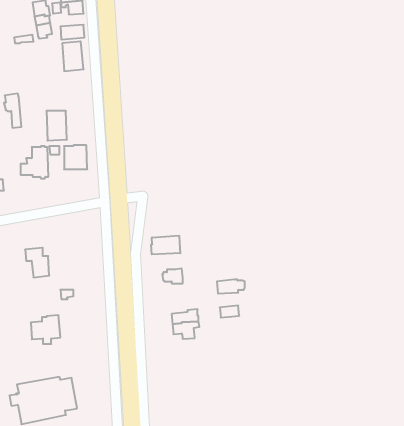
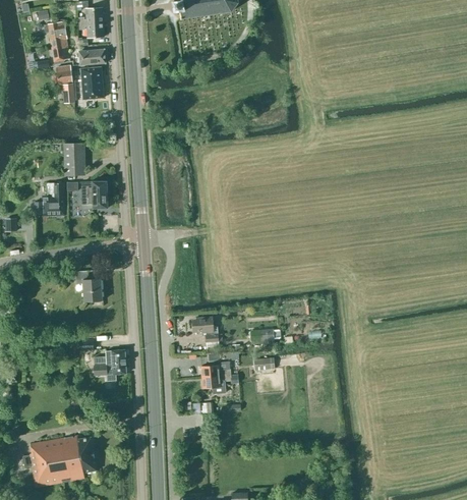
building: [4,94,21,128] -> [55,65,74,103]
building: [151,236,180,254] -> none
building: [25,248,49,277] -> [75,270,102,302]
building: [31,315,60,344] -> [94,349,126,381]

